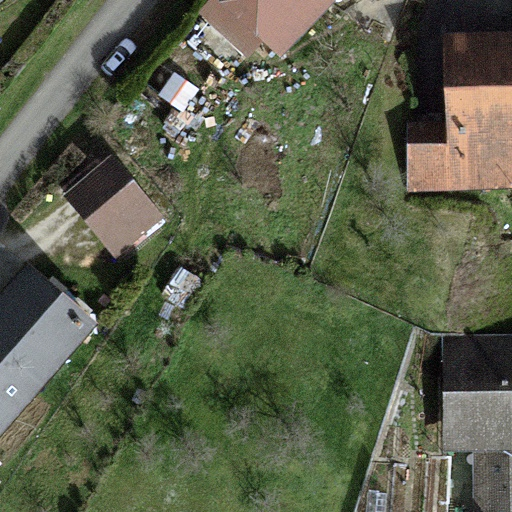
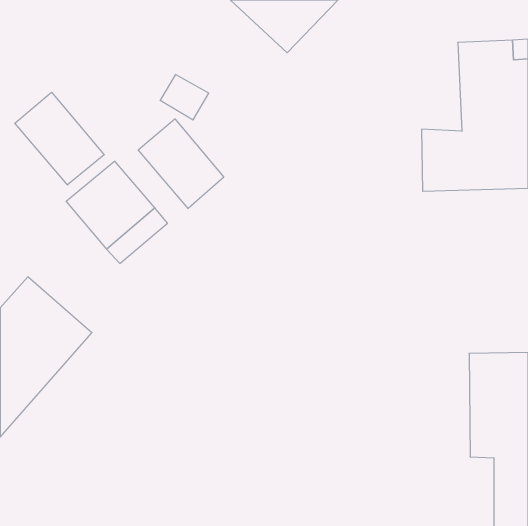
building: none -> [15,92,104,185]
building: none -> [138,119,224,209]

